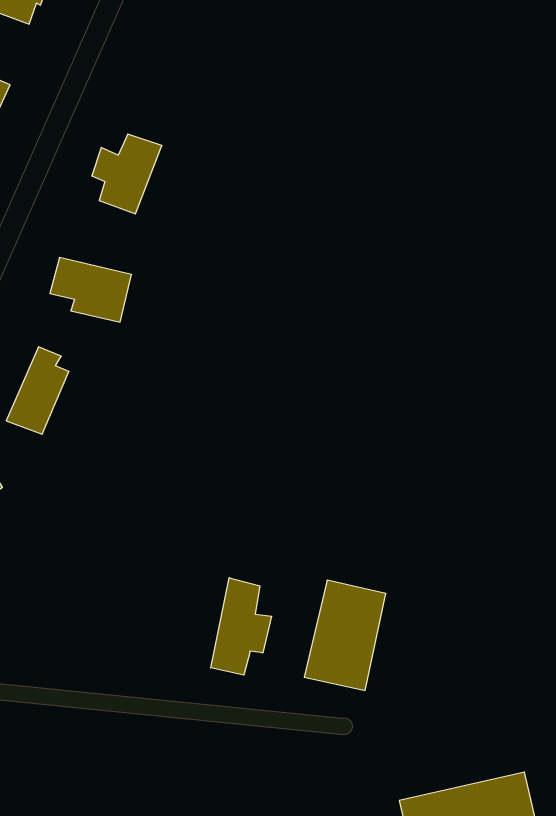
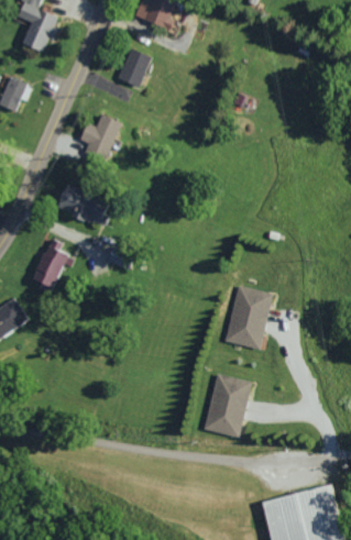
building: none -> [118,48,151,87]
building: none -> [227,286,273,350]
building: [211,578,272,675] -> none

